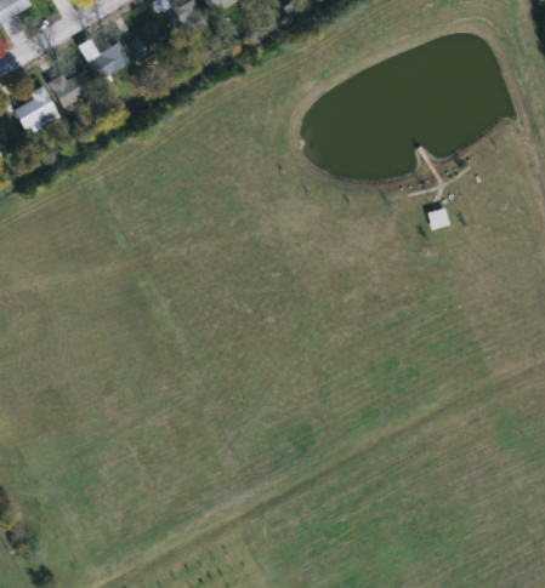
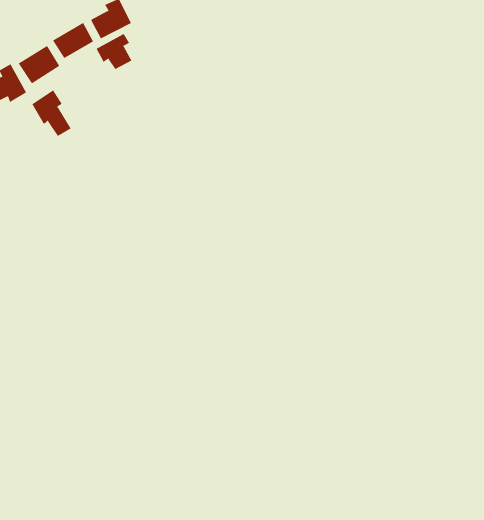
building: none -> [96,33,132,70]
building: none -> [31,89,72,137]

